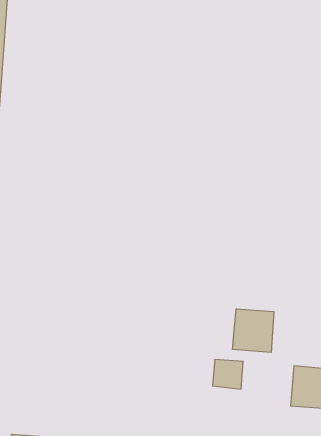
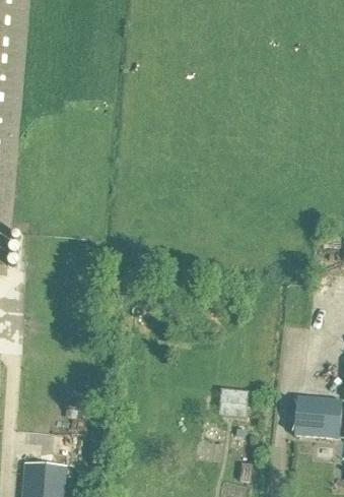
building: [233,309,274,352] -> none

